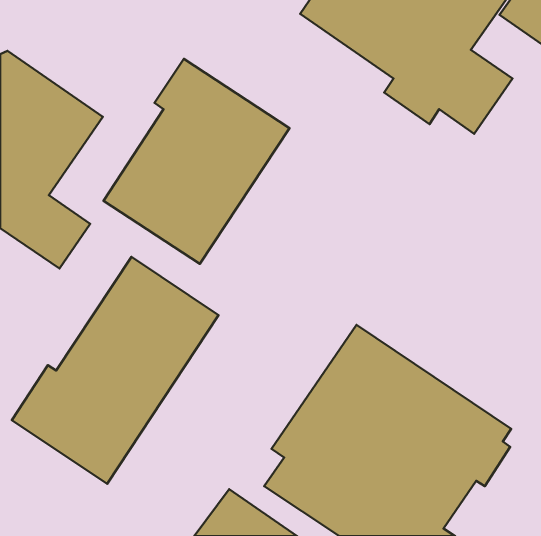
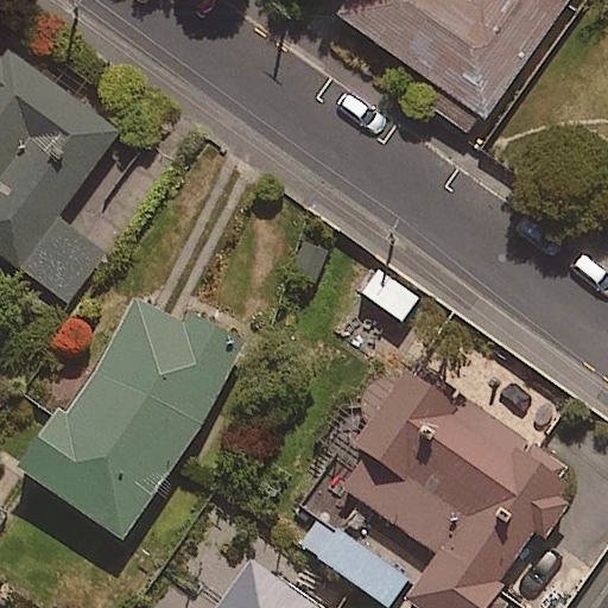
building: [103,59,290,264] -> none

